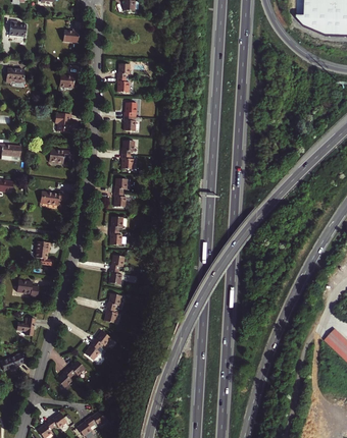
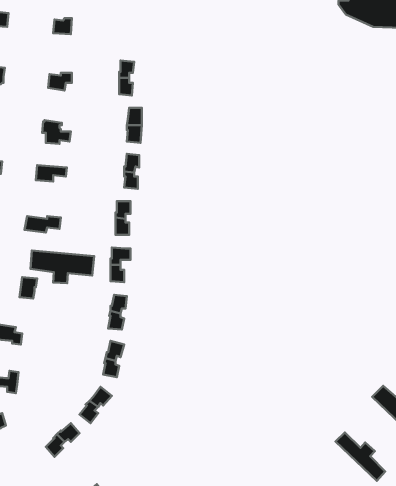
building: none -> [30,251,94,283]
building: none -> [336,432,385,481]

